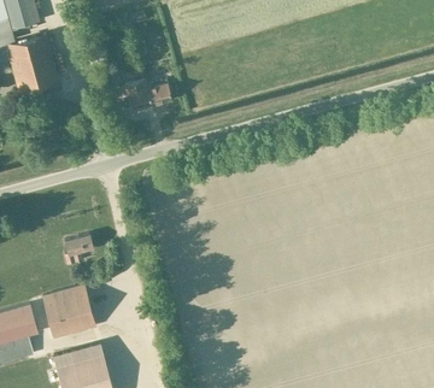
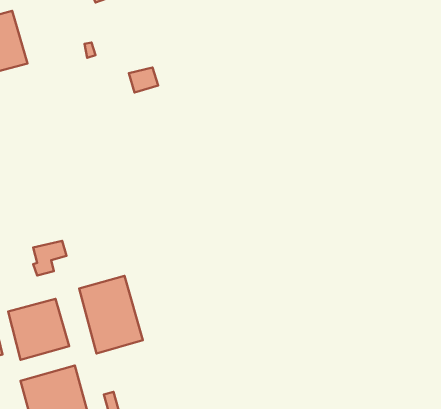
building: [124,80,152,112] -> none
building: none -> [79,276,143,353]

